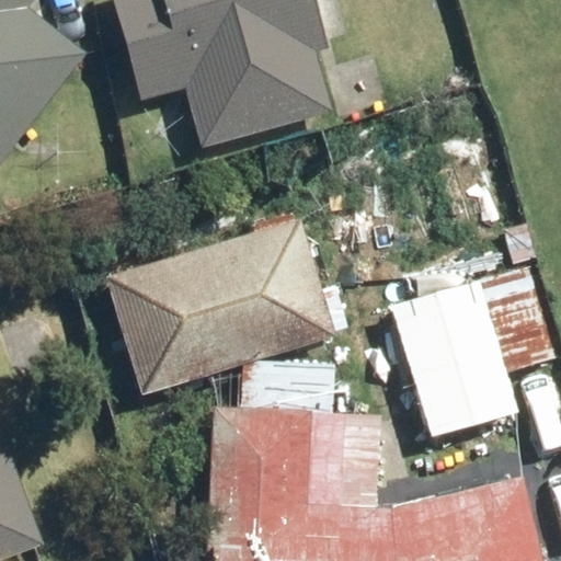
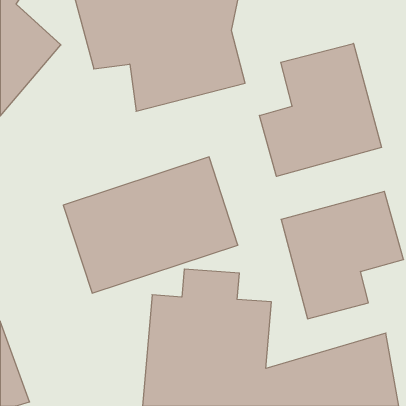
building: none -> [259,43,382,176]

